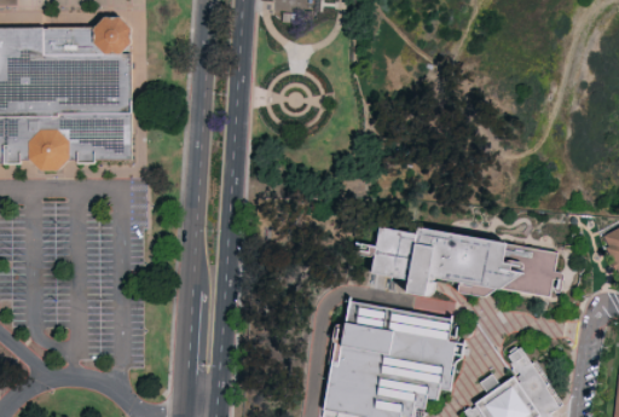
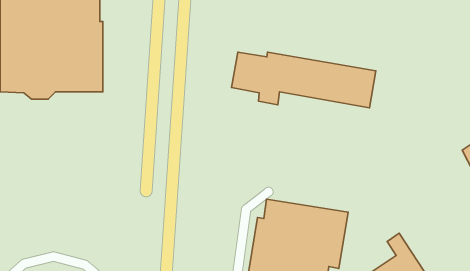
building: [370,226,559,299] -> [231,52,376,108]

